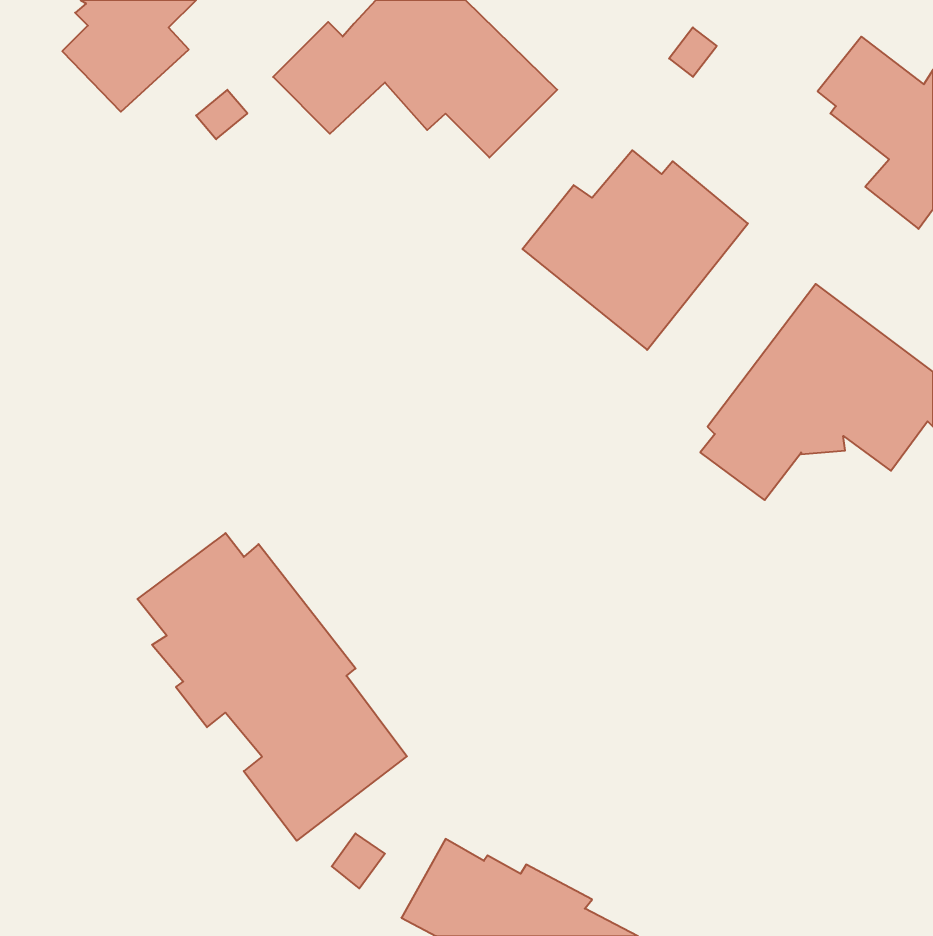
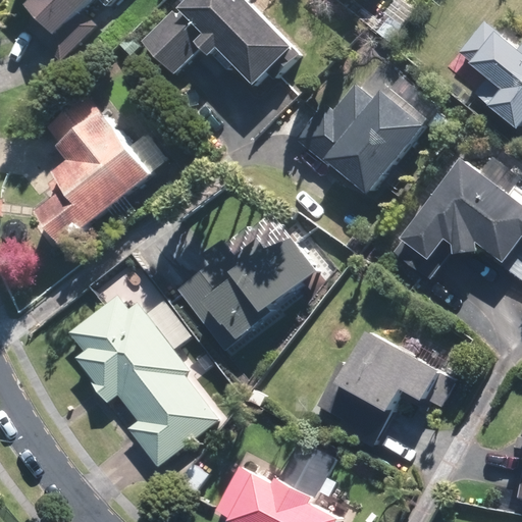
building: none -> [50,98,167,249]
building: none -> [171,237,309,351]
building: none -> [302,323,455,454]

